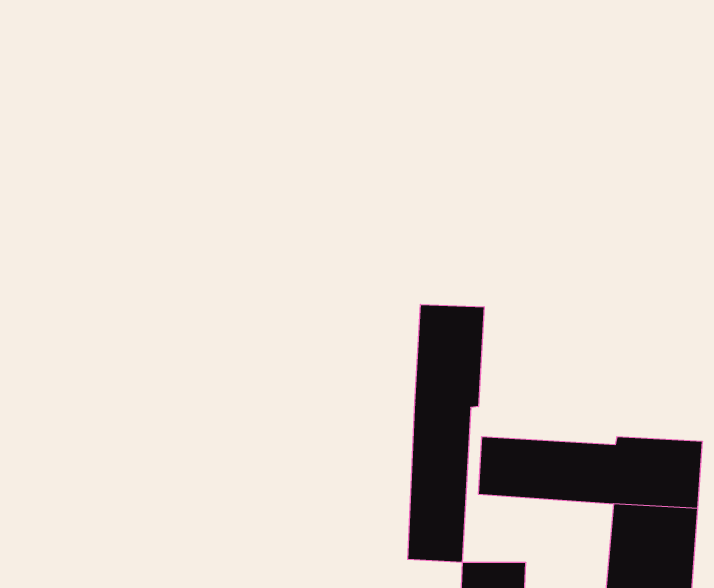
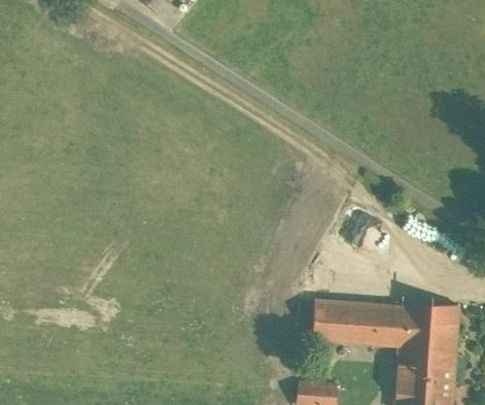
building: [408,304,484,563] -> none

